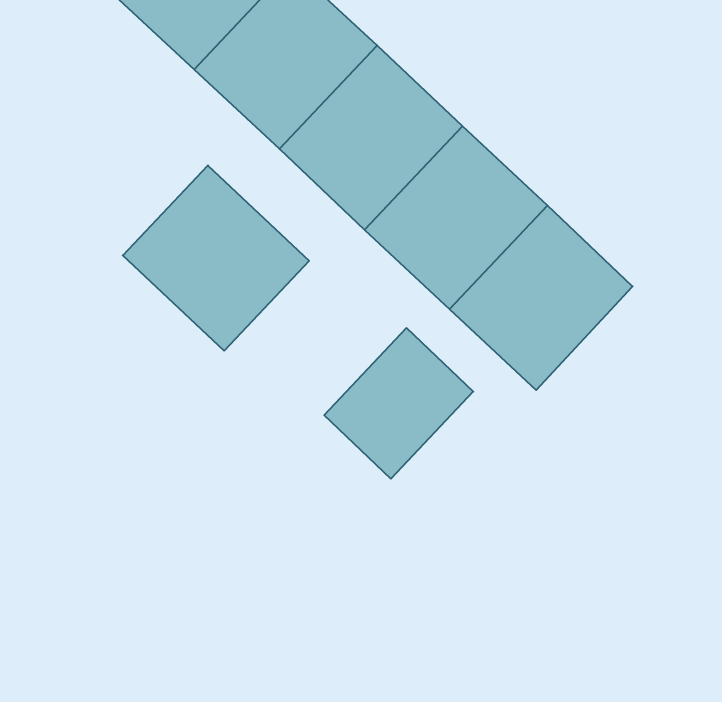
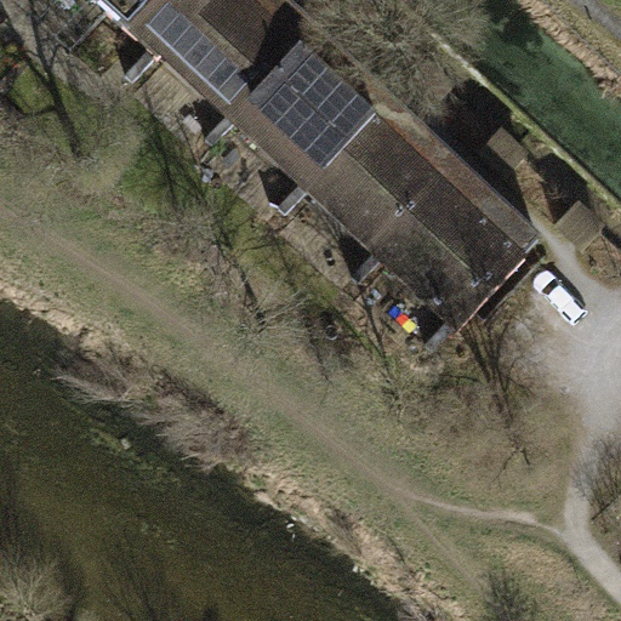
building: [123,165,309,351] -> none
building: [324,328,473,479] -> none

